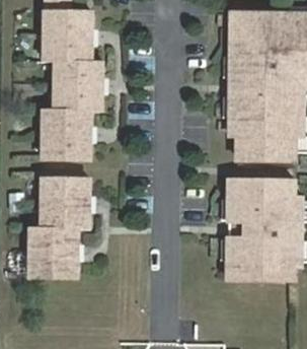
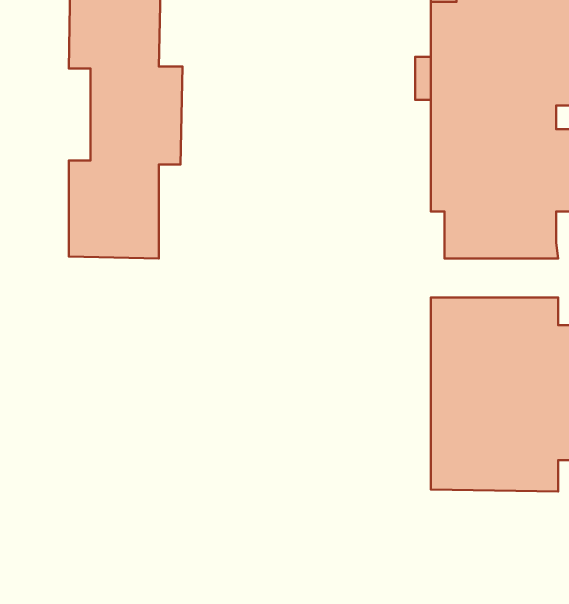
building: [29,179,89,277] -> none

